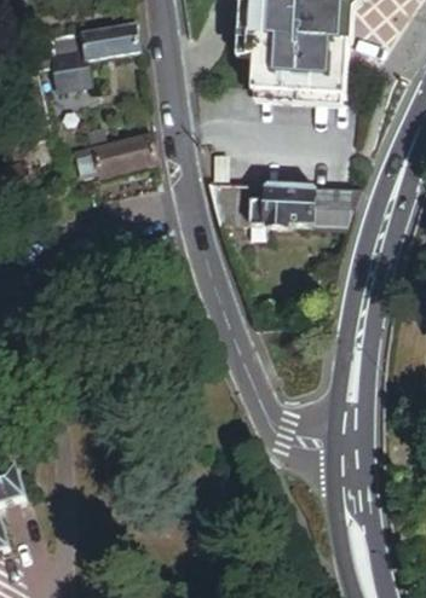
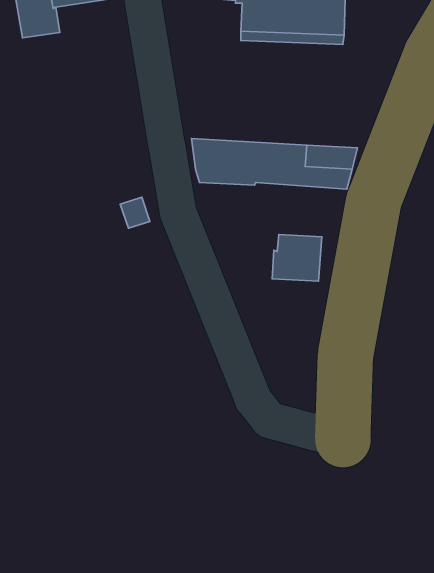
building: [71,133,154,178] -> none
building: none -> [272,235,322,281]

